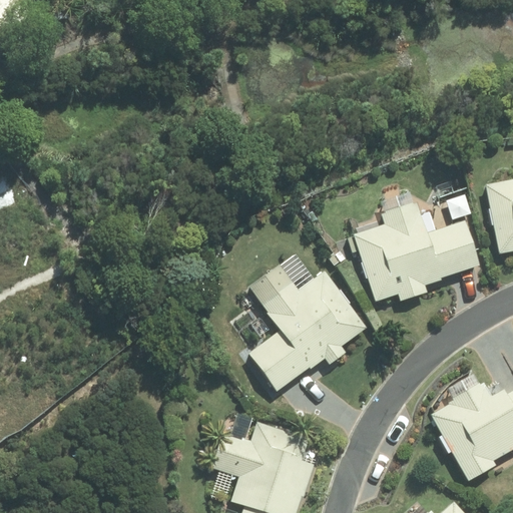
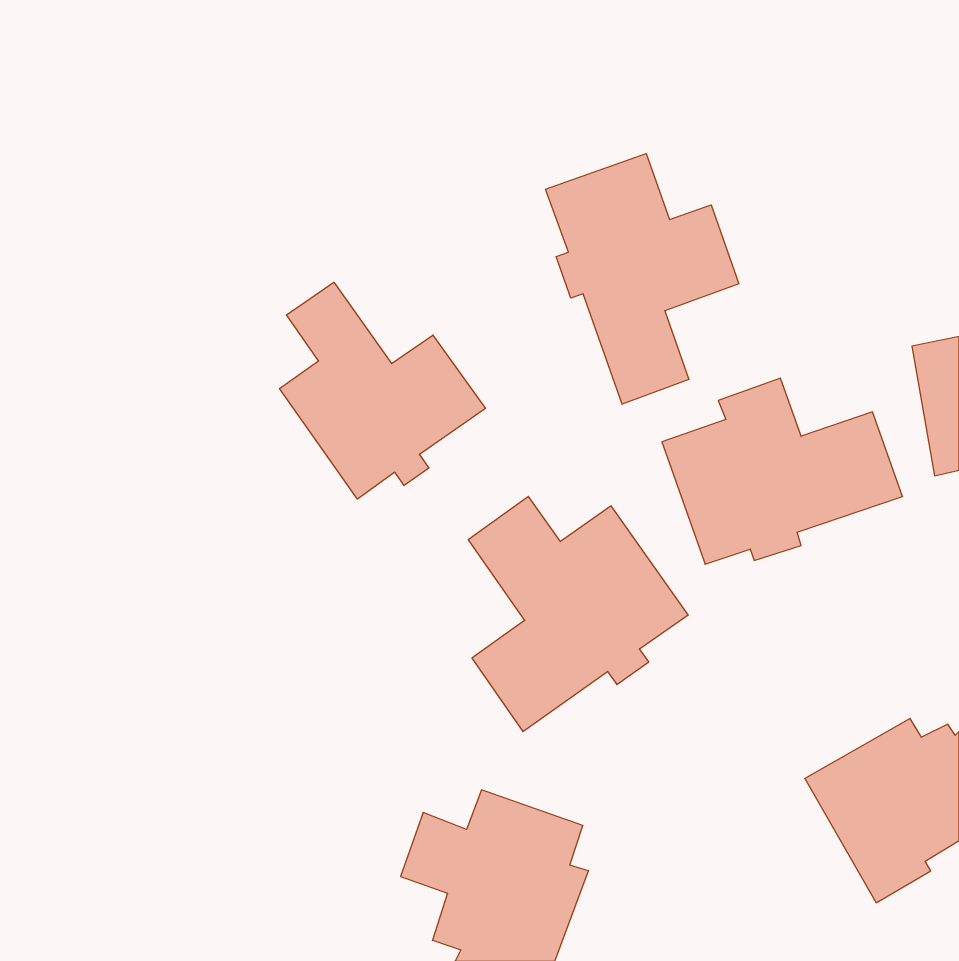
building: none -> [546,154,739,404]
building: none -> [279,282,485,499]

